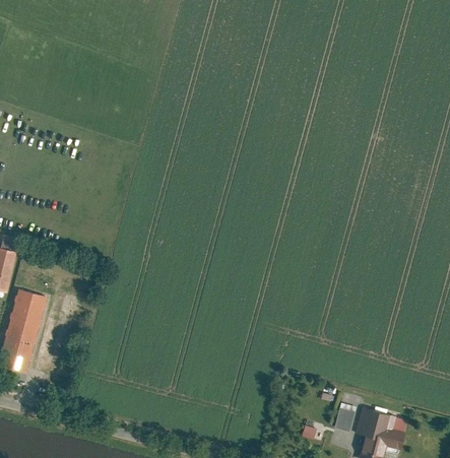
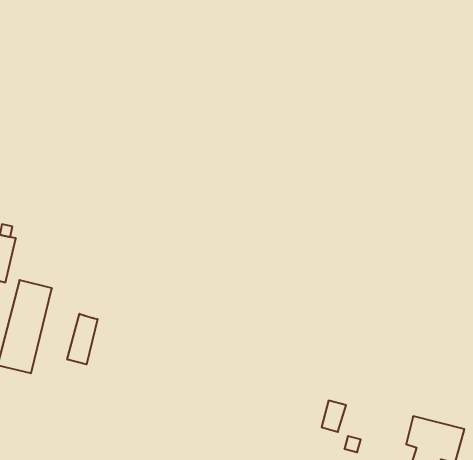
building: none -> [67,314,98,364]
building: [334,403,356,431] -> [322,401,346,432]

